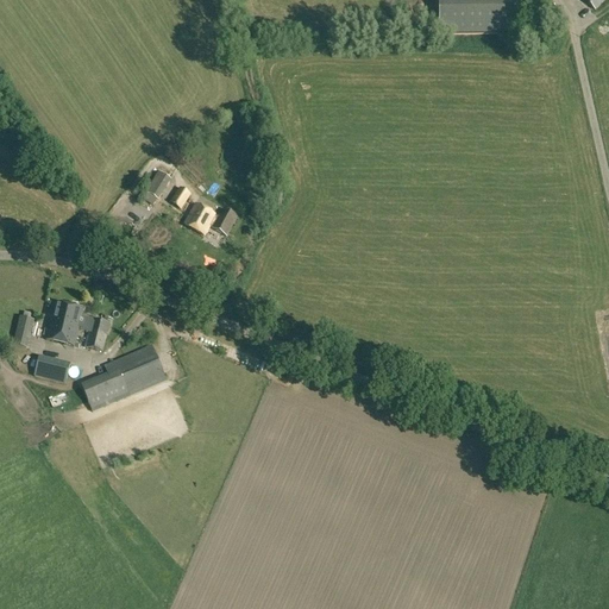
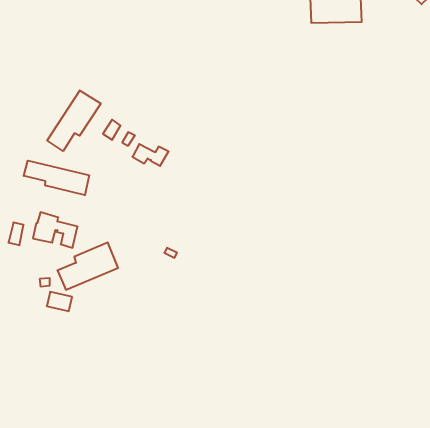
building: none -> [47,90,101,151]
building: none -> [24,161,89,195]
building: [36,353,71,381] -> [47,292,72,311]

